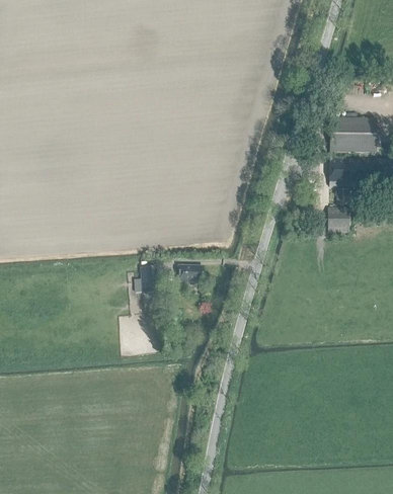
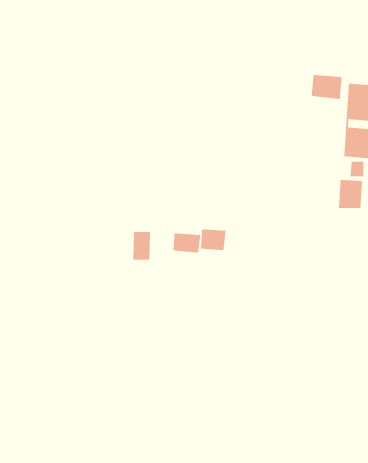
building: none -> [311,74,342,100]
building: none -> [200,228,226,251]

